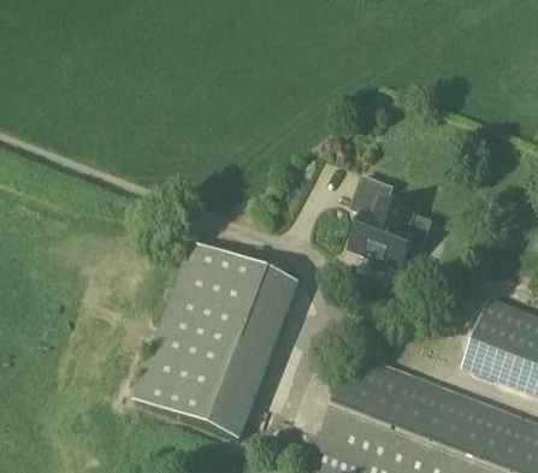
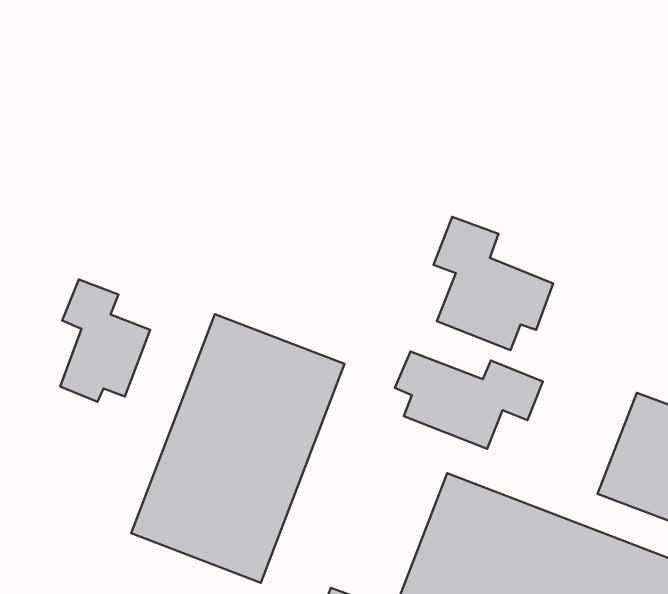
building: none -> [60,279,150,402]
building: none -> [395,351,543,449]

